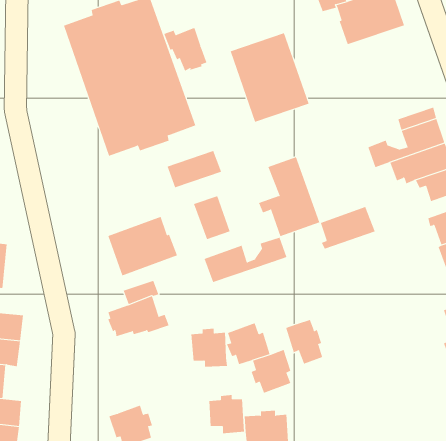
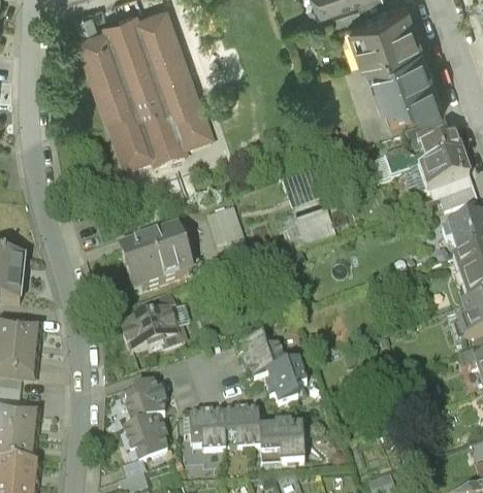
building: [163,27,207,71] -> none
building: [230,33,309,122] -> [364,35,444,125]
building: [167,150,222,188] -> none
building: [320,206,376,249] -> none
building: [204,237,287,283] -> none
building: [285,319,323,365] -> none
building: [191,328,228,367] -> [188,406,225,446]
building: none -> [124,379,165,423]

